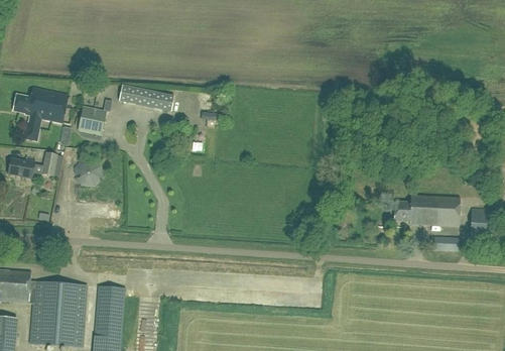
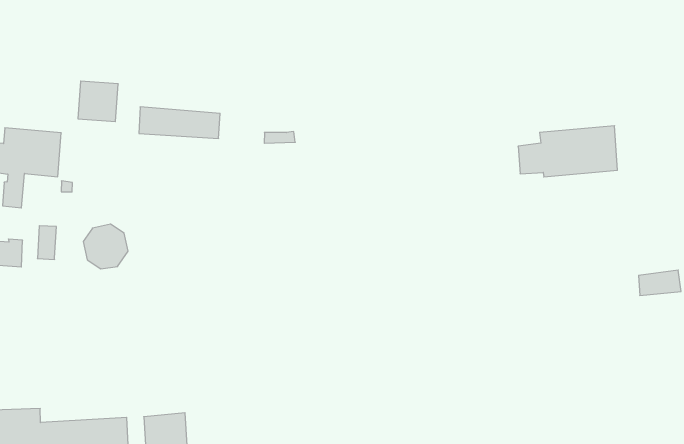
building: [77,105,106,134] -> [78,81,118,122]
building: [394,194,460,225] -> [518,126,617,177]

